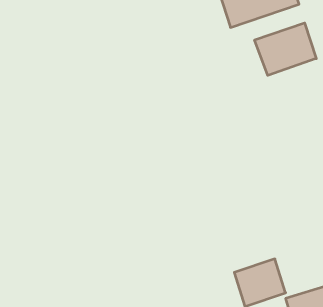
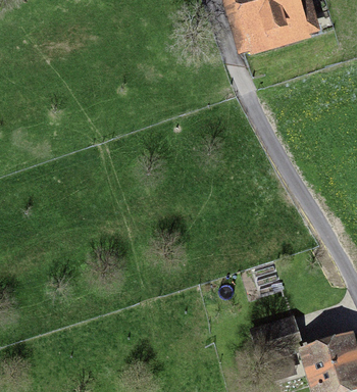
building: [255,23,316,75] -> none

